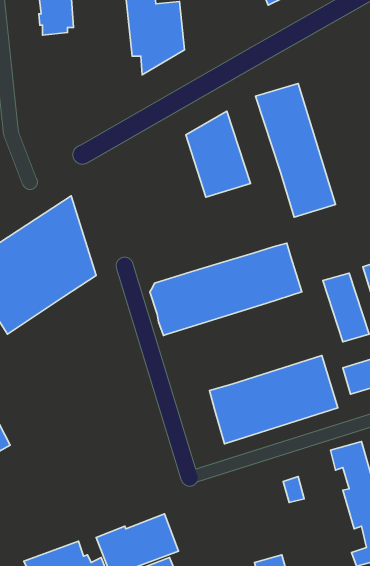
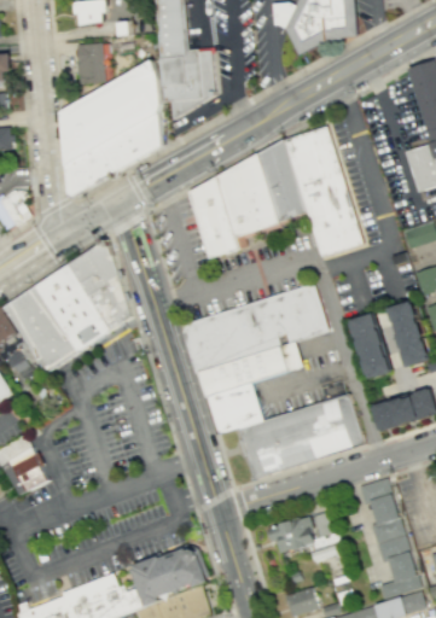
building: none -> [57,60,159,196]
building: none -> [257,142,309,227]
building: none -> [190,180,240,264]
building: none -> [199,343,303,435]
building: none -> [267,515,315,553]

